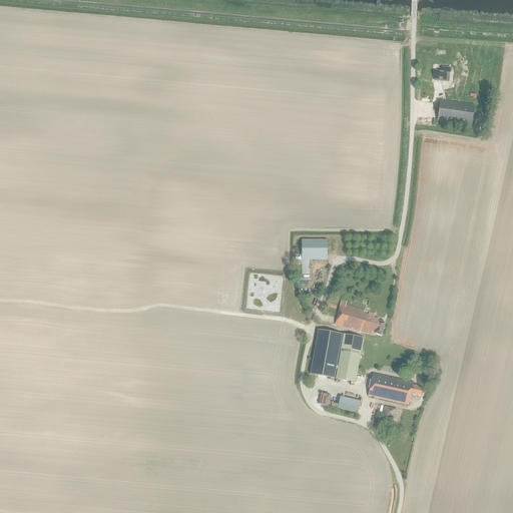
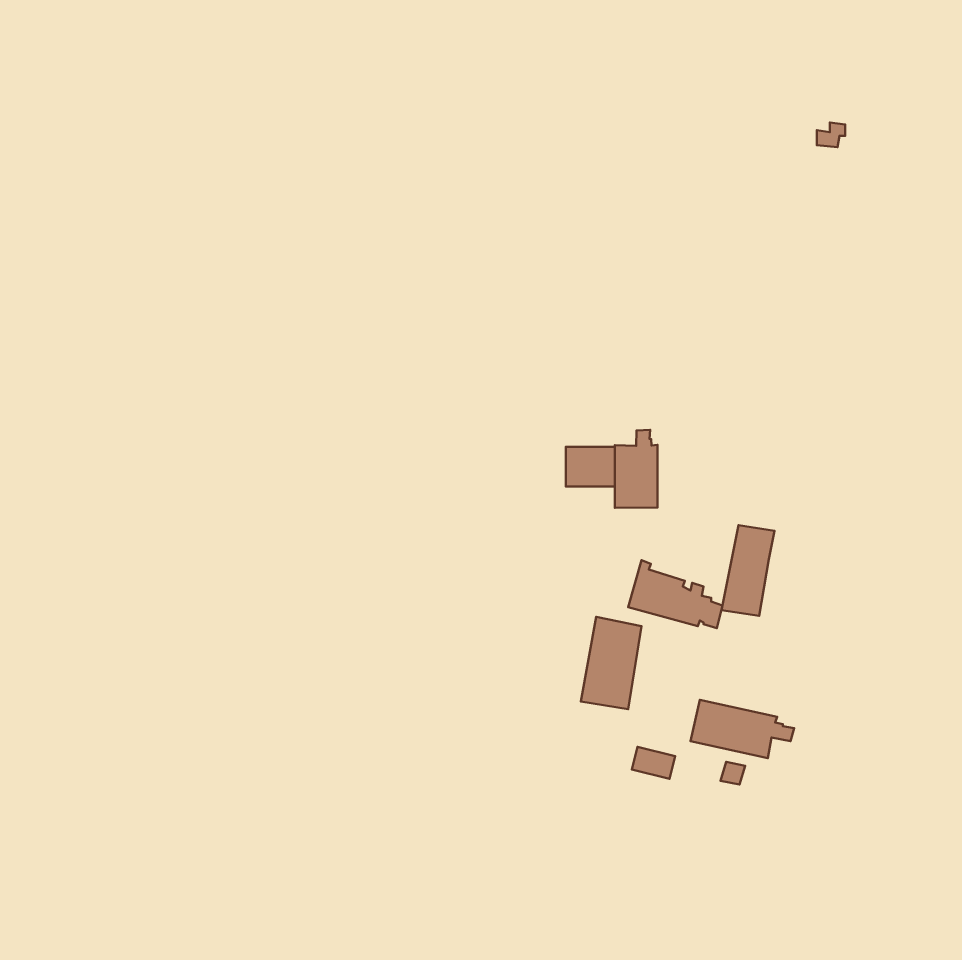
building: [436,98,474,124] -> none
building: none -> [615,430,657,508]
building: [335,333,363,381] -> [722,525,774,616]

